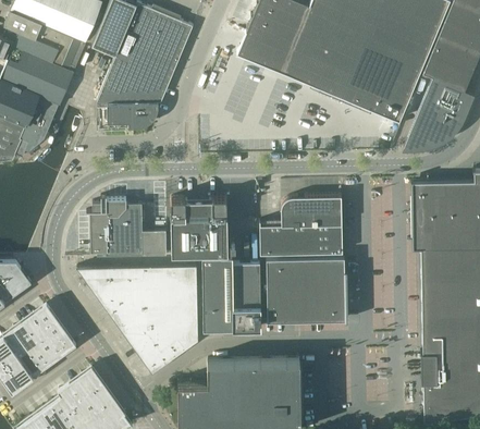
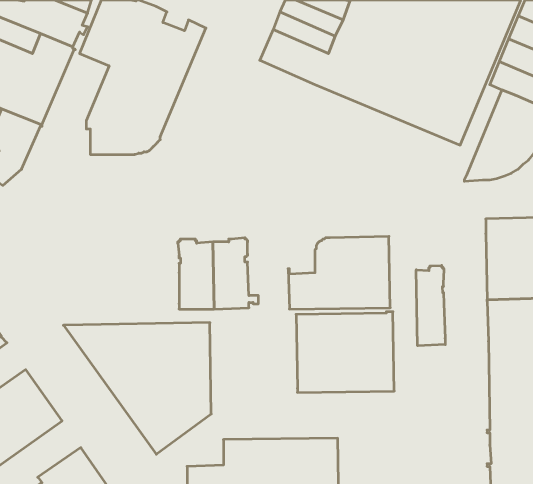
building: [86,196,167,256] -> none
building: none -> [416,265,445,346]
building: [201,256,260,330] -> none

